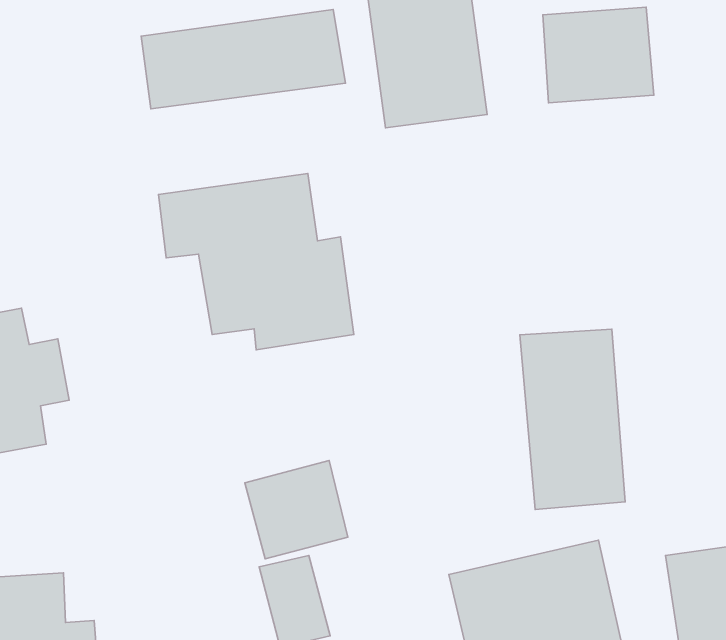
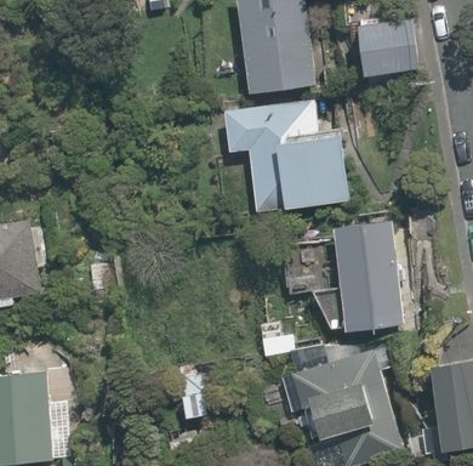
building: [141,9,346,109] -> none
building: [158,174,354,350] -> [217,101,341,212]
building: [245,461,348,559] -> none

